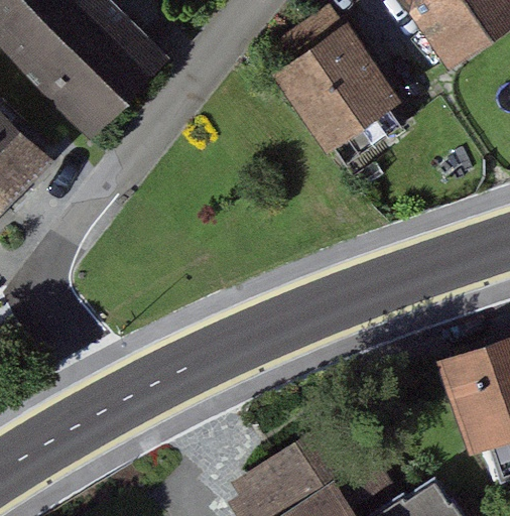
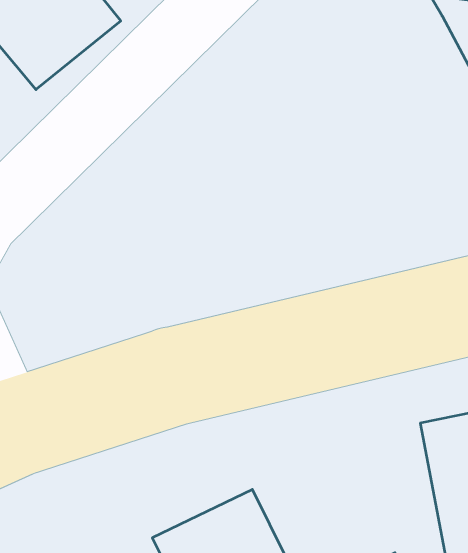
building: [277,30,393,156] -> none

